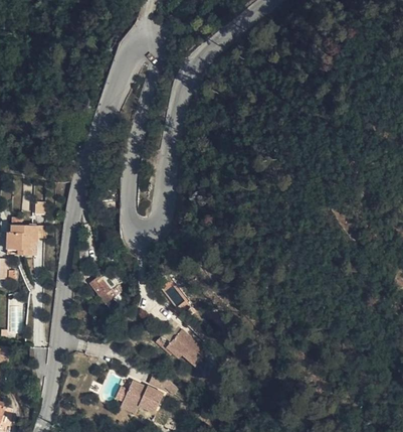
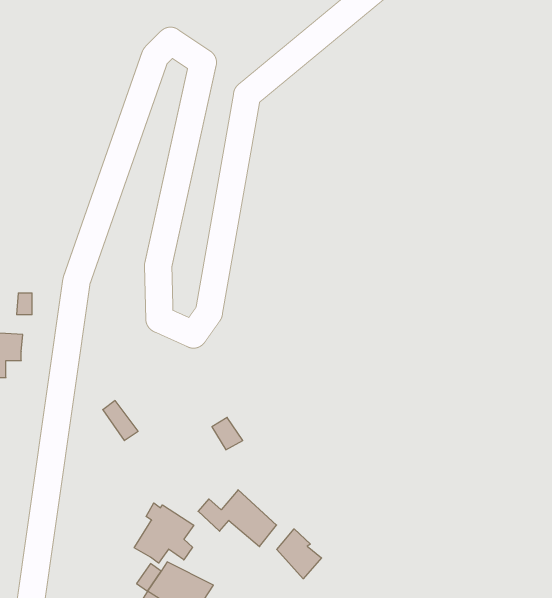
building: none -> [134,503,194,563]
building: none -> [277,529,322,579]

